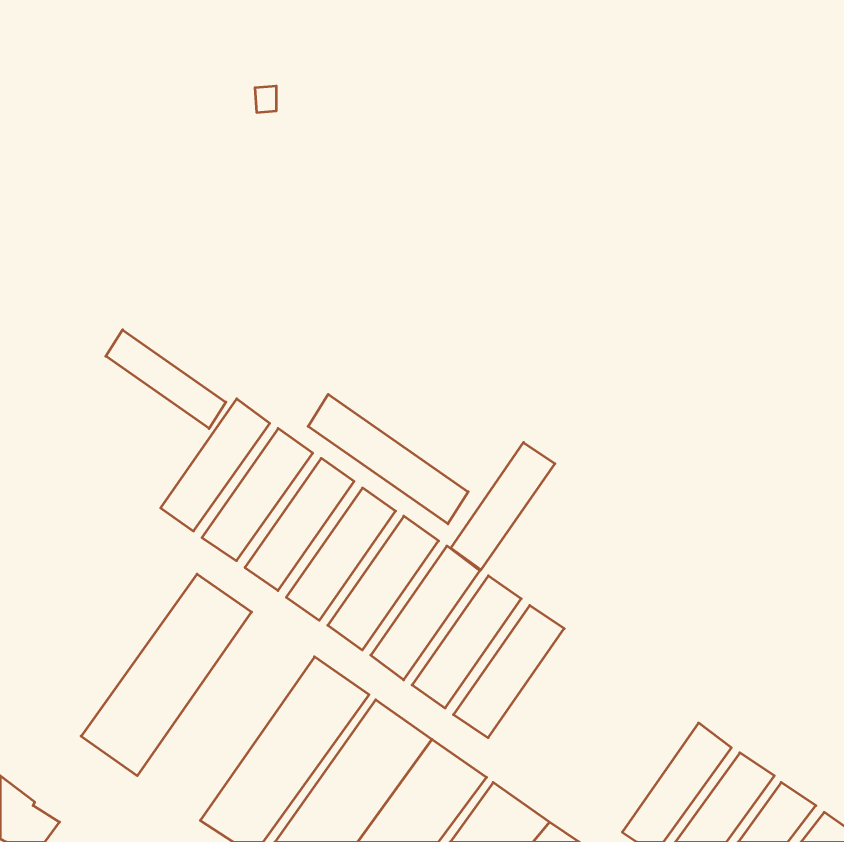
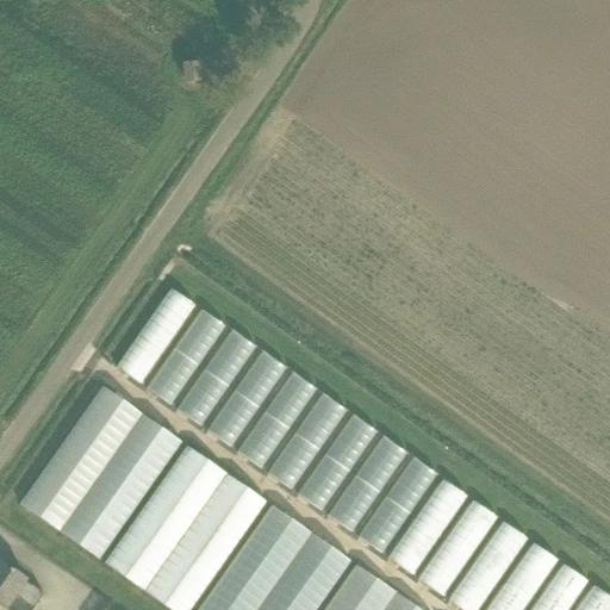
building: [106,330,226,429] -> none
building: [308,394,468,524] -> none
building: [451,442,555,570] -> none
building: none -> [20,385,143,530]
building: none -> [105,444,228,591]
building: none -> [359,458,437,553]
building: none -> [388,479,468,574]
building: none -> [418,499,498,596]

